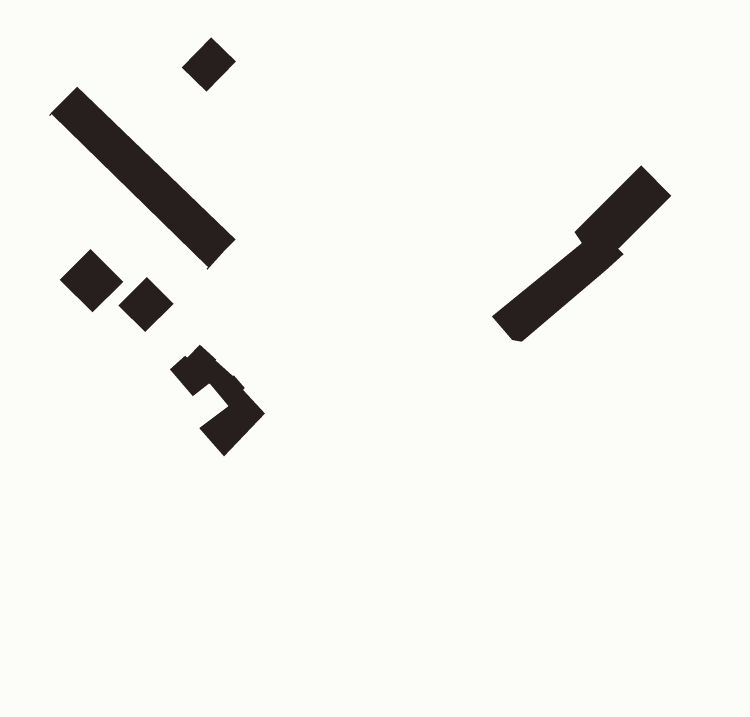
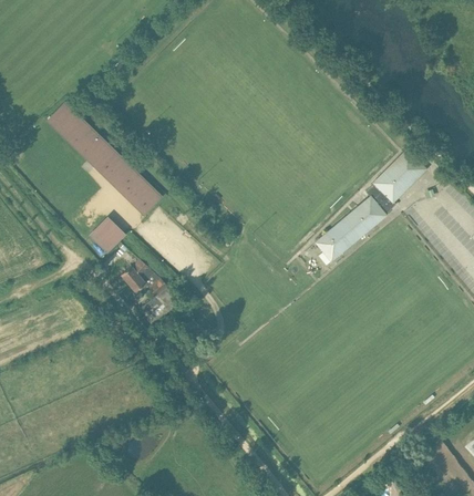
building: [181,36,237,92] -> none
building: [59,248,124,313] -> none

